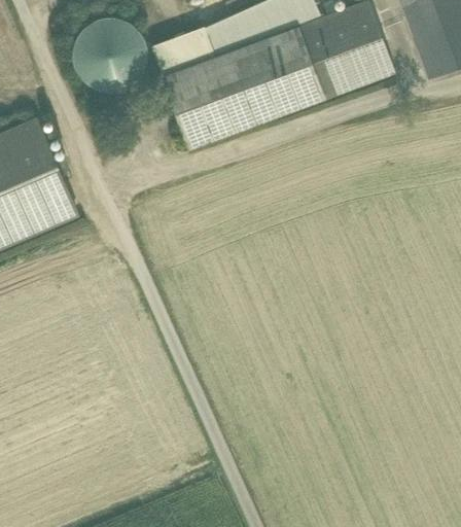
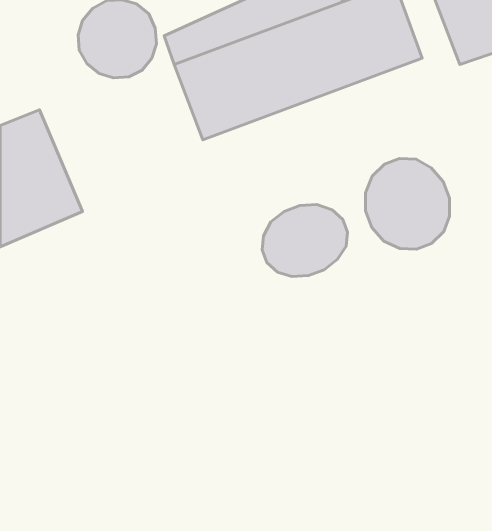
building: none -> [365,158,450,249]
building: none -> [262,205,348,276]

